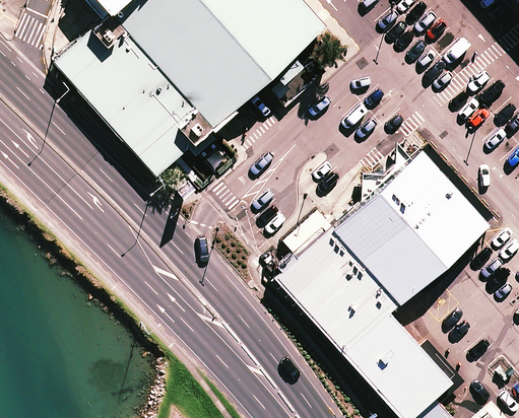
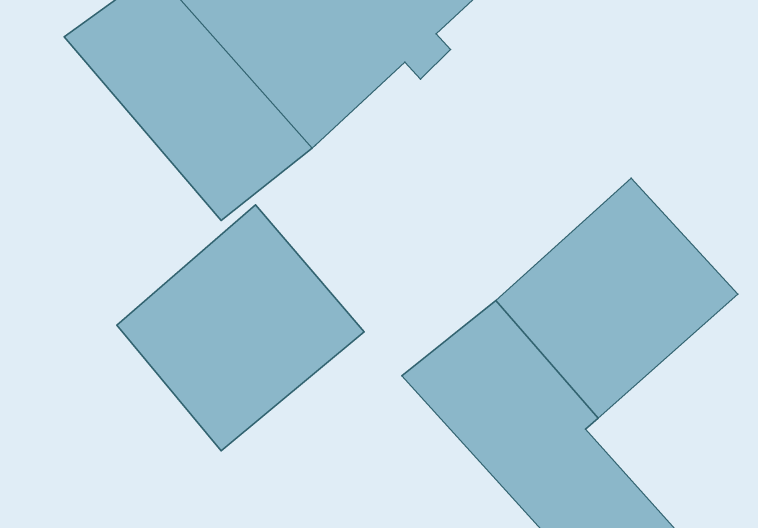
building: none -> [117,205,364,451]

